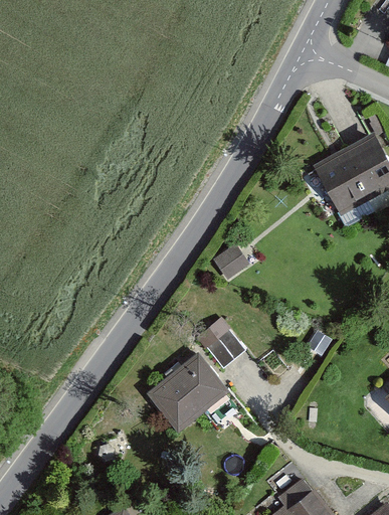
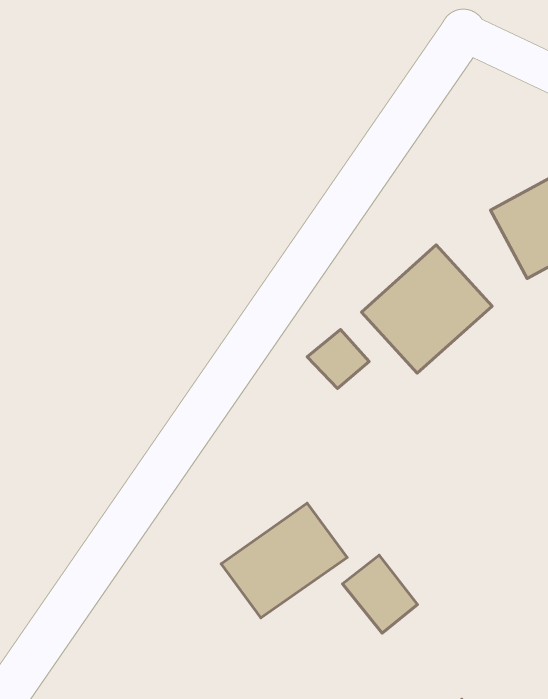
building: none -> [361,245,492,373]
building: [195,320,242,369] -> [342,555,417,633]

